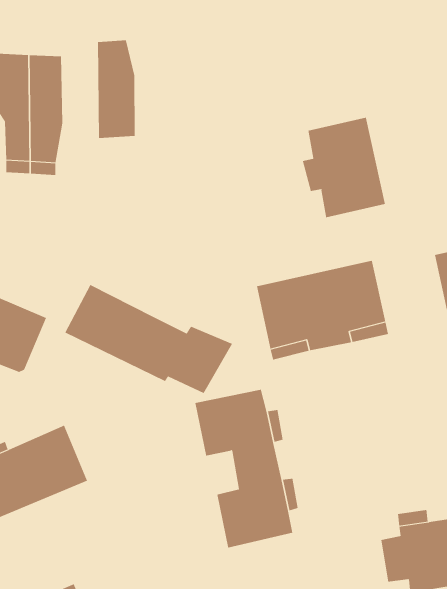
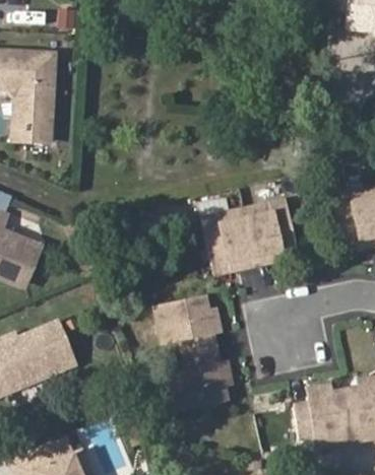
building: [97,40,135,139] -> none
building: [302,117,386,218] -> none
building: [64,284,233,394] -> none

